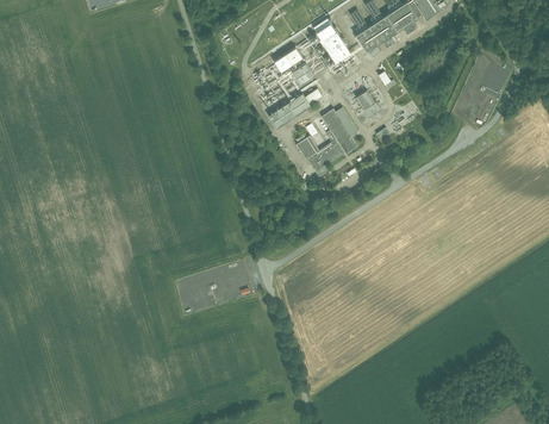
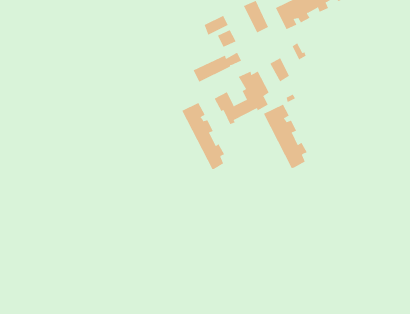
building: none -> [263,104,307,169]
building: none -> [182,102,225,170]

